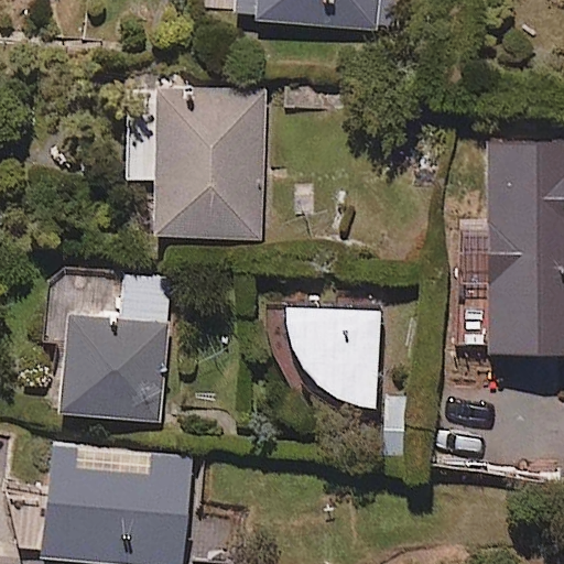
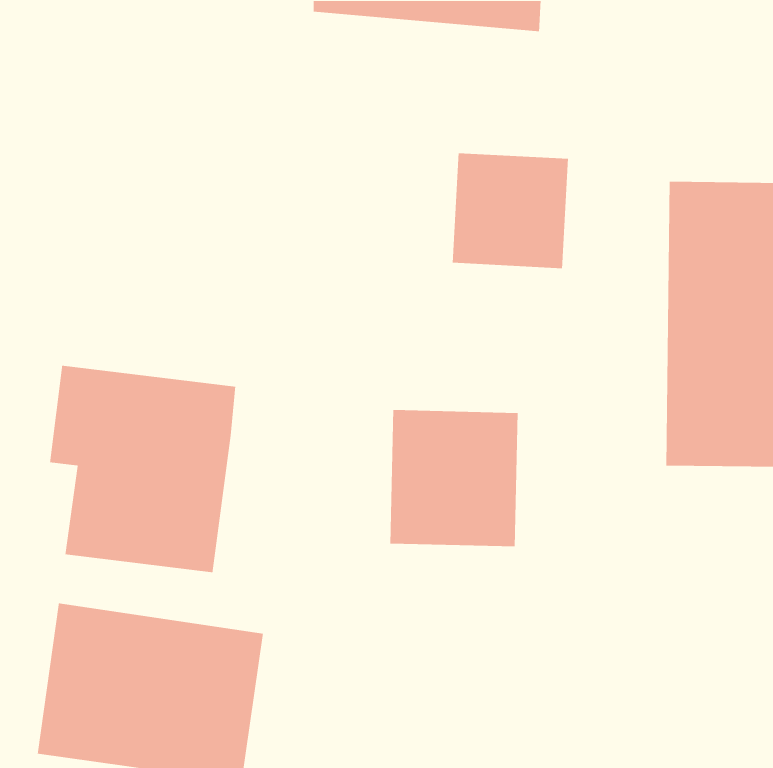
building: [123,85,269,236] -> none
building: none -> [452,152,569,269]

